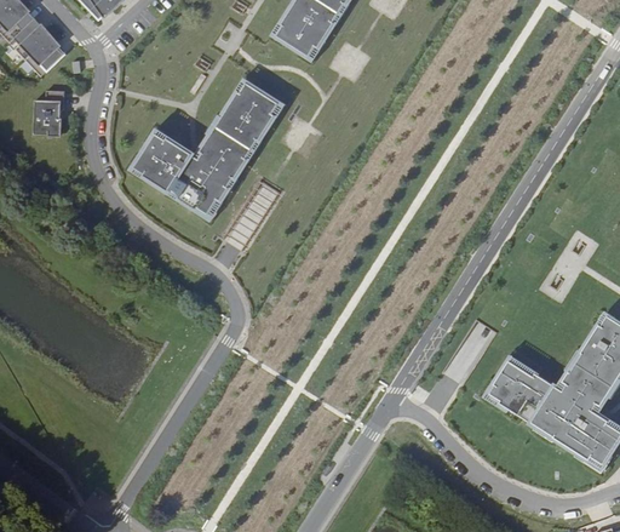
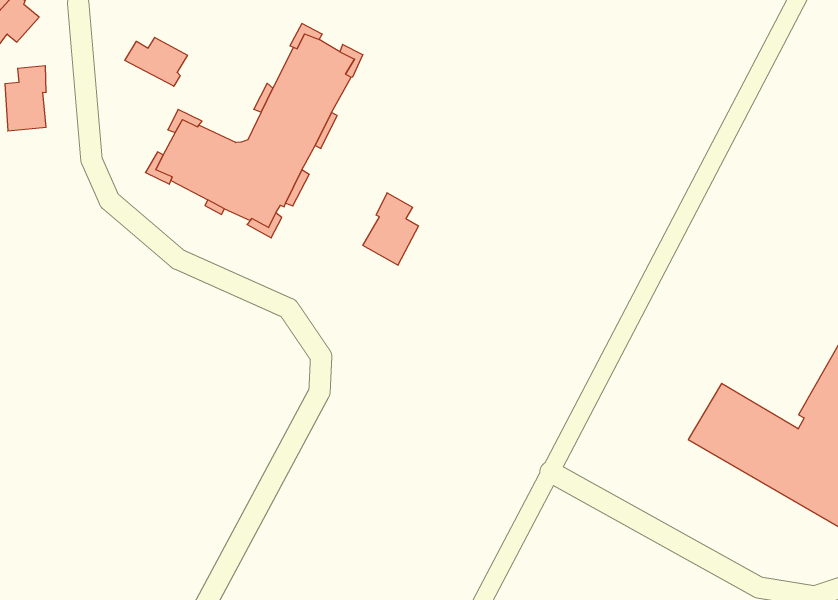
building: none -> [125,37,187,86]
building: none -> [363,193,419,265]

